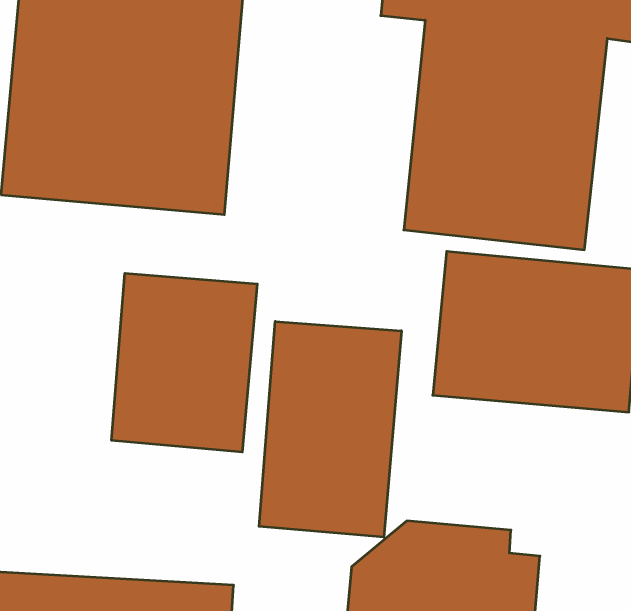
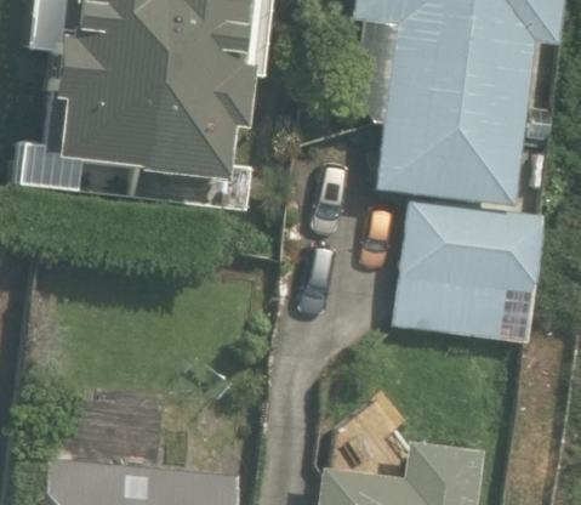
building: [112,273,257,452] -> none
building: [259,321,401,537] -> none

